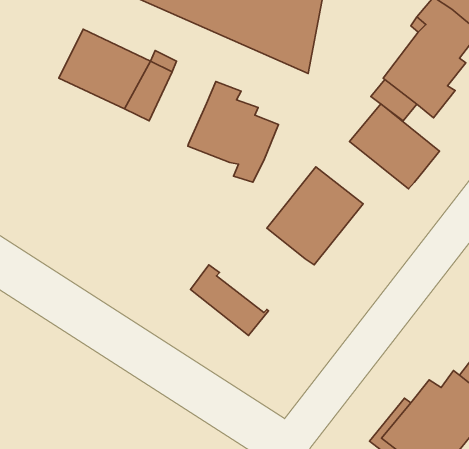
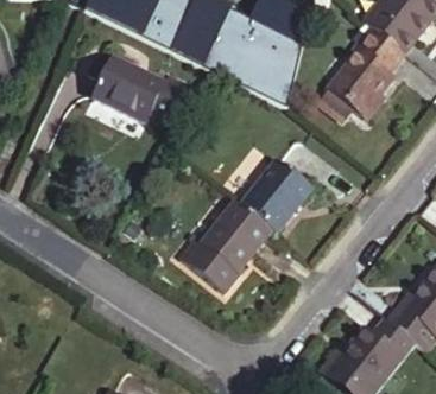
building: [188,81,278,182] -> none
building: [349,104,440,189] -> none
building: none -> [202,201,271,271]

